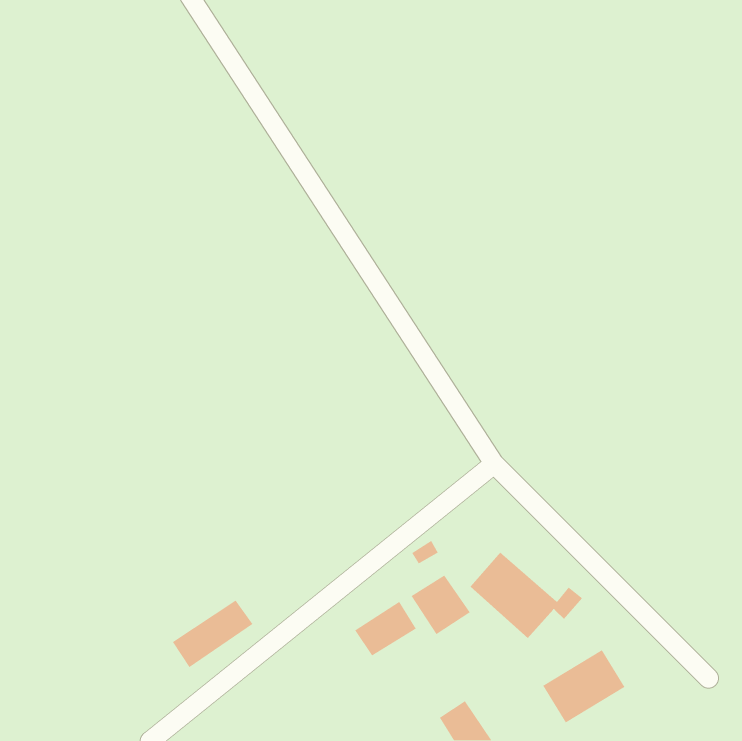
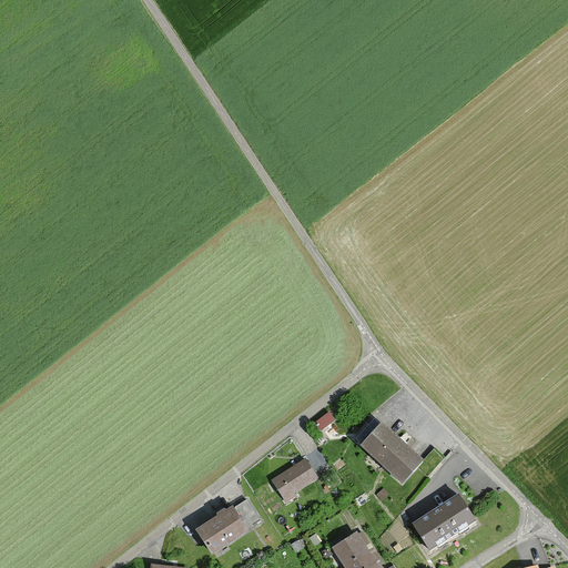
building: [411,575,471,635] -> none
building: [172,599,253,668] -> [196,499,258,551]

